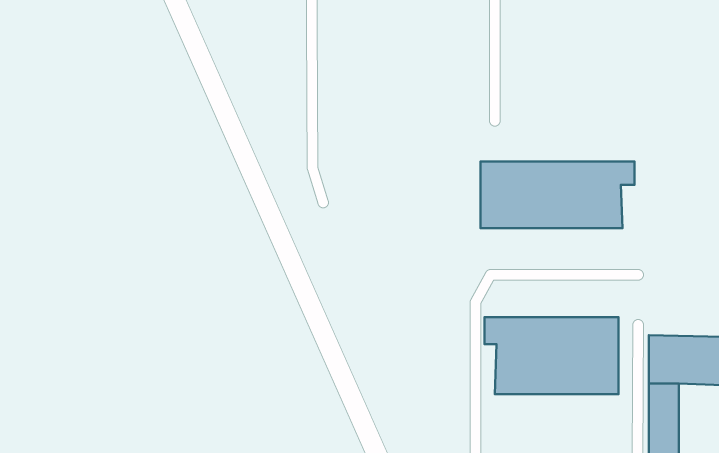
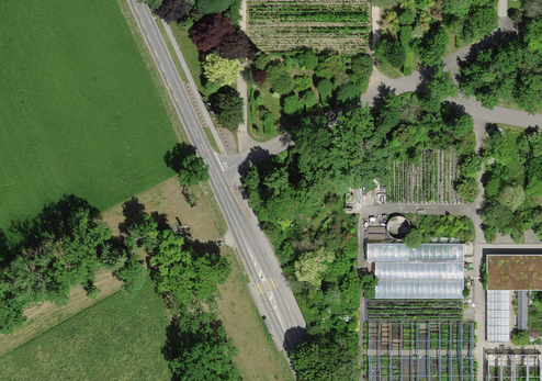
building: [480,161,635,228] -> none

